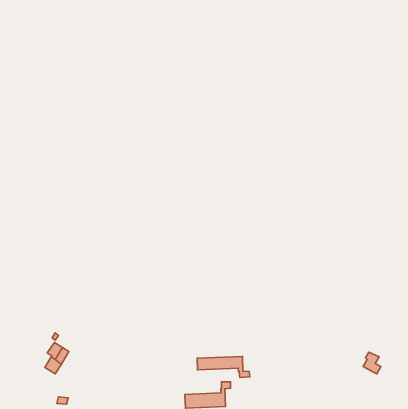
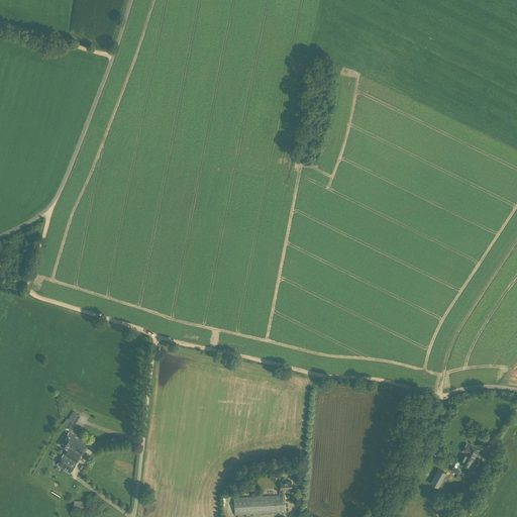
building: [197,356,250,378] -> none

